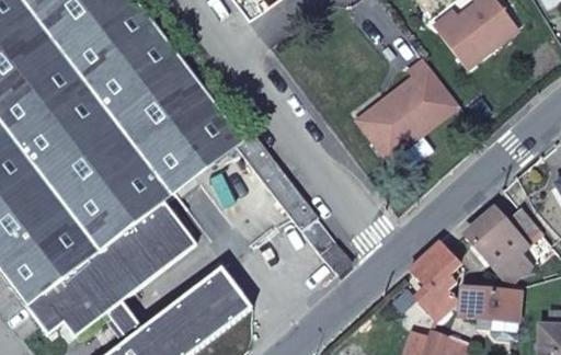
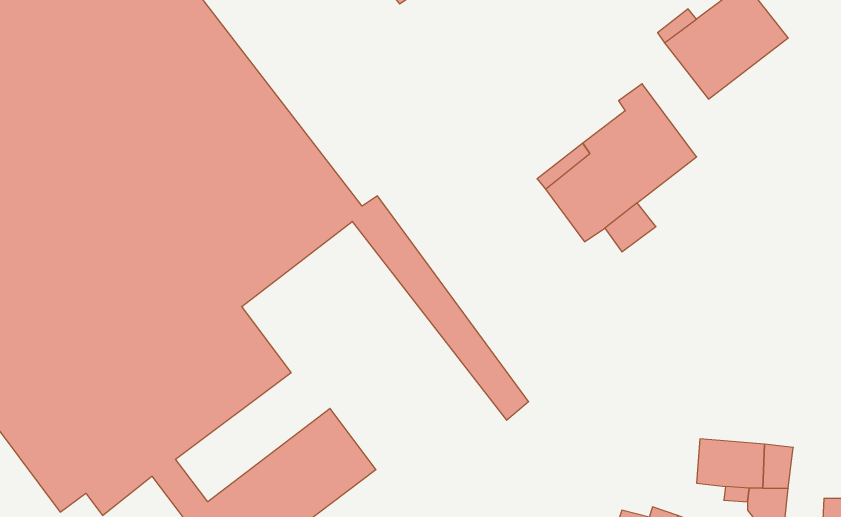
building: [465,206,541,283] -> none
building: [408,240,458,320] -> none

